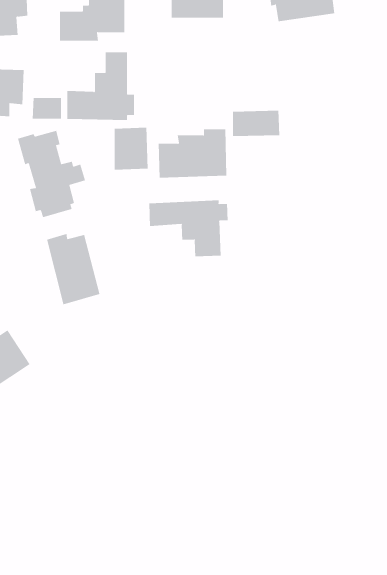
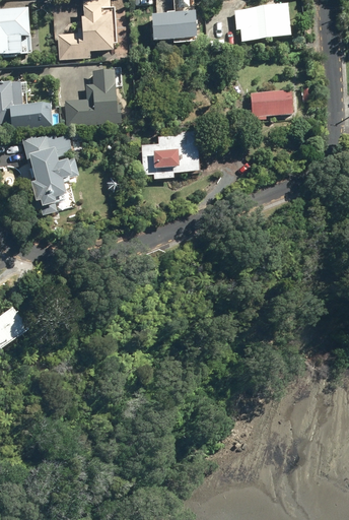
building: [232,110,280,137] -> [251,91,291,114]
building: [114,127,148,170] -> none
building: [149,199,228,257] -> none
building: [46,233,100,305] -> none

